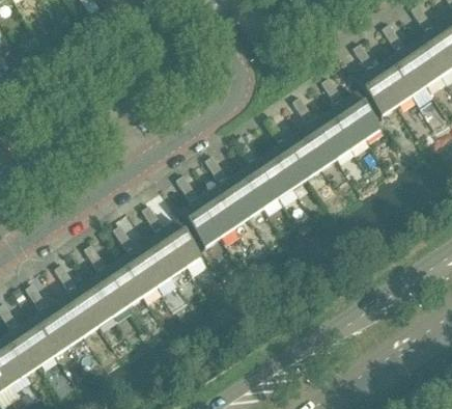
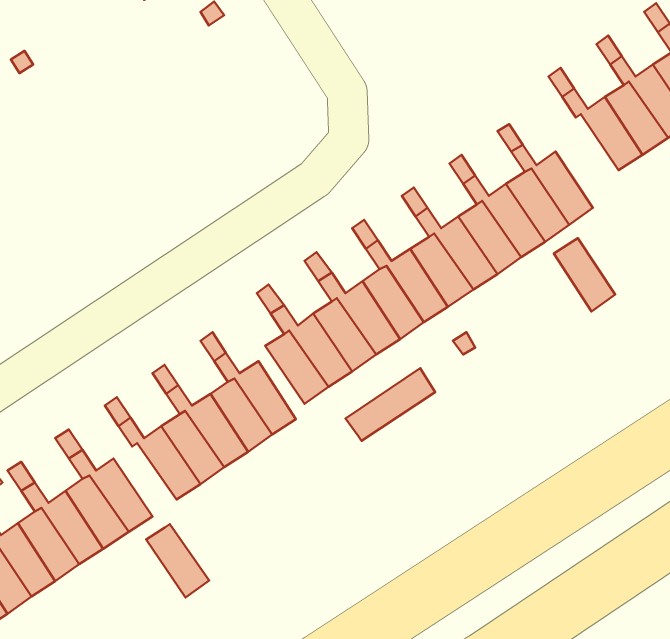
building: [360,72,397,116] -> [554,238,615,311]
building: none -> [345,368,435,441]
building: [90,272,129,317] -> [146,524,209,598]

